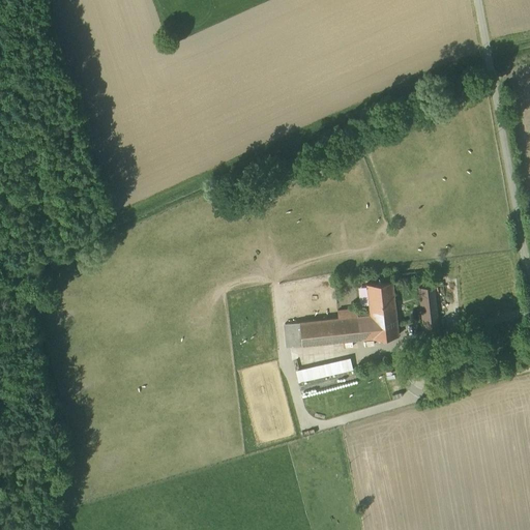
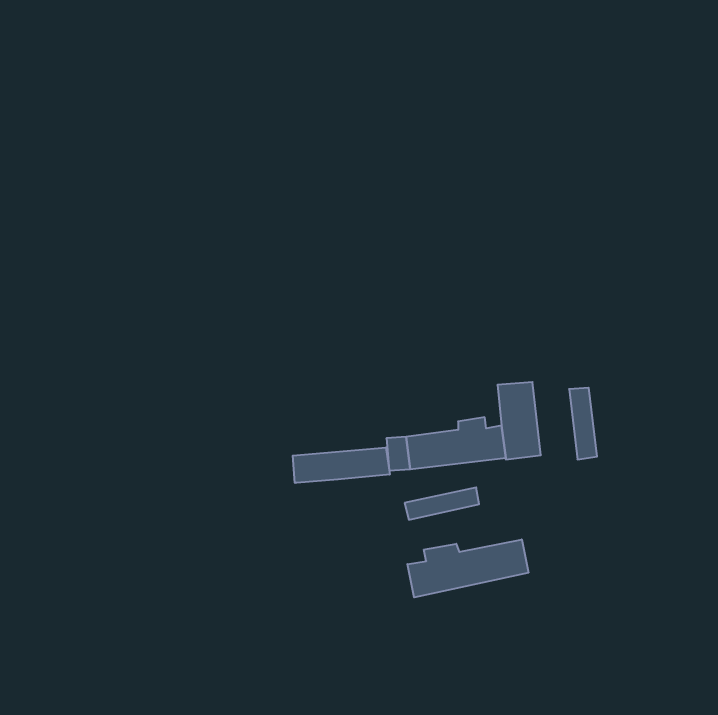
building: none -> [293,447,390,483]
building: none -> [407,539,528,597]

